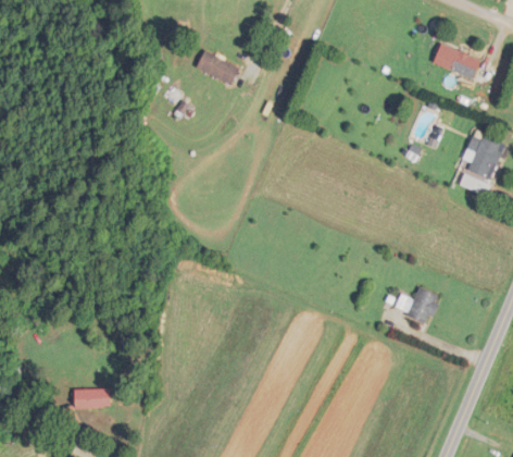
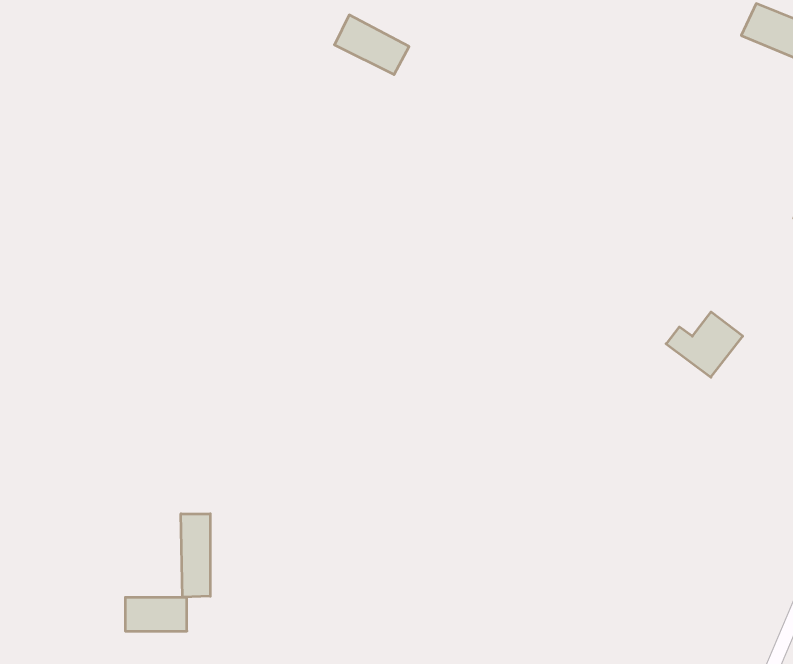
building: [396,286,440,324] -> [666,312,743,377]
building: none -> [181,514,210,597]

